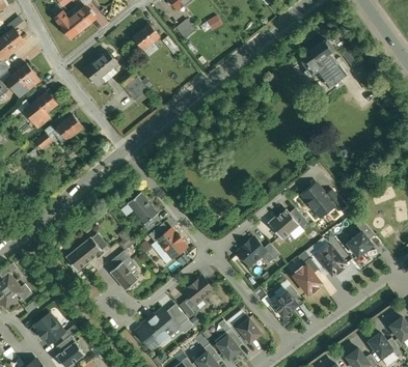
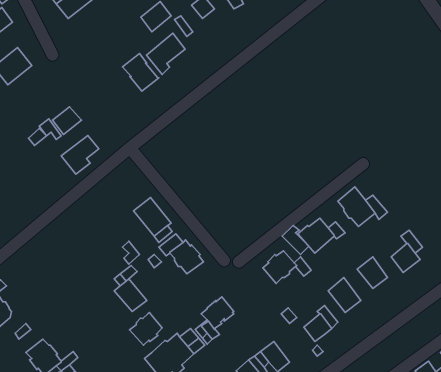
building: [301,40,346,93] -> none
building: [84,51,117,86] -> [146,33,185,74]
building: [25,91,57,124] -> [61,135,99,174]
building: [66,236,104,271] -> none
building: none -> [130,312,162,345]

